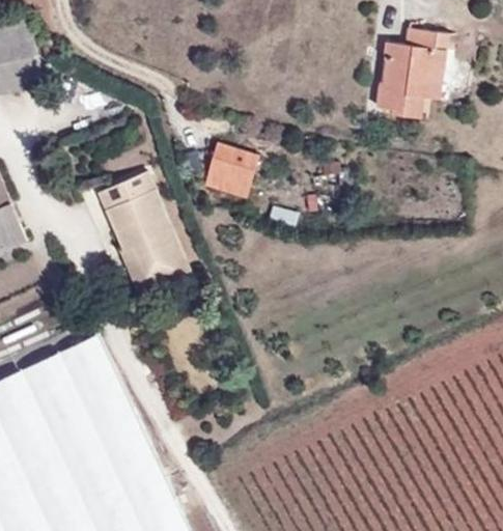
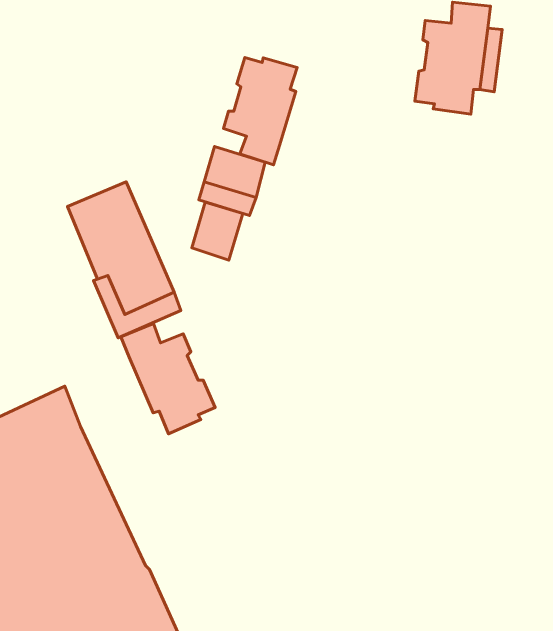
building: none -> [224,57,297,165]
building: none -> [192,202,243,260]
building: none -> [121,324,215,434]

